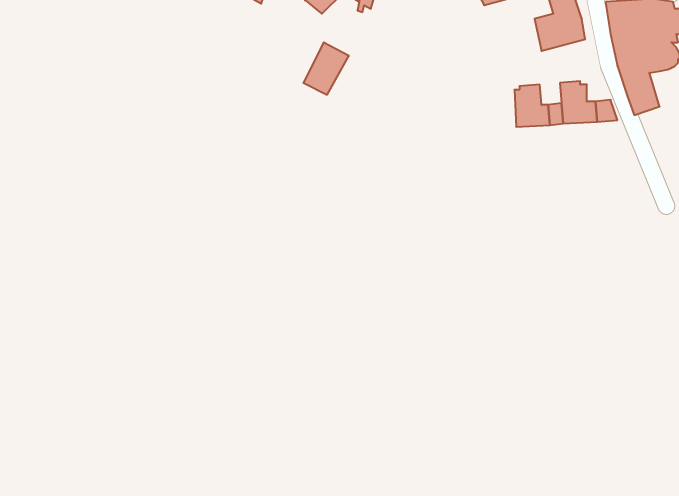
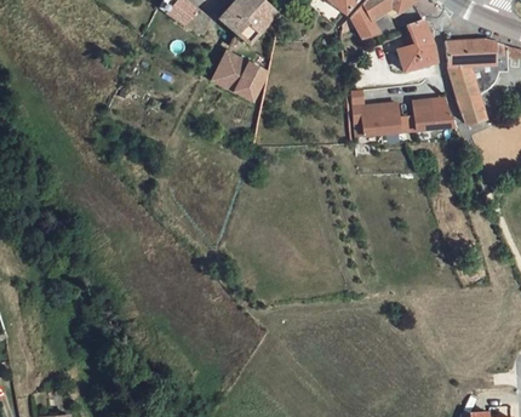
building: none -> [210,55,245,95]
building: none -> [356,97,383,128]

